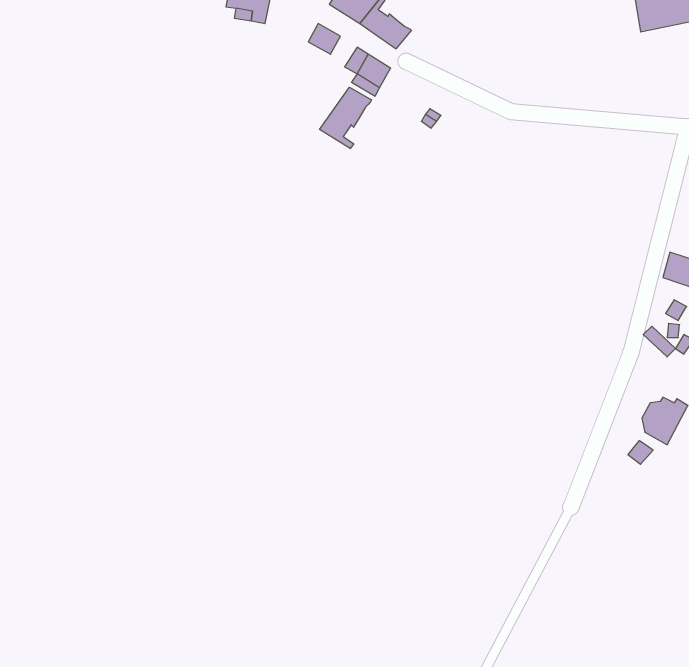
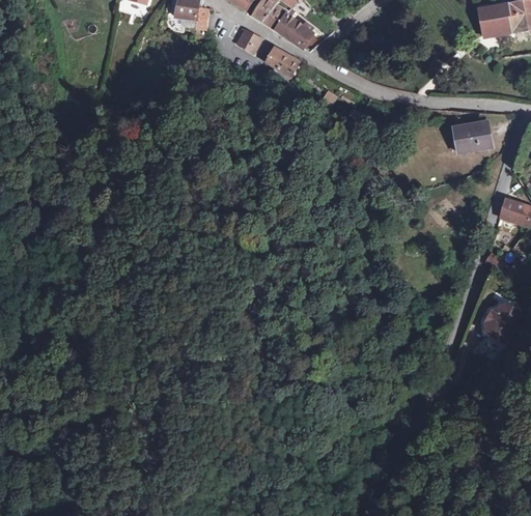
building: [320,87,372,149] -> none
building: none -> [453,121,491,152]

